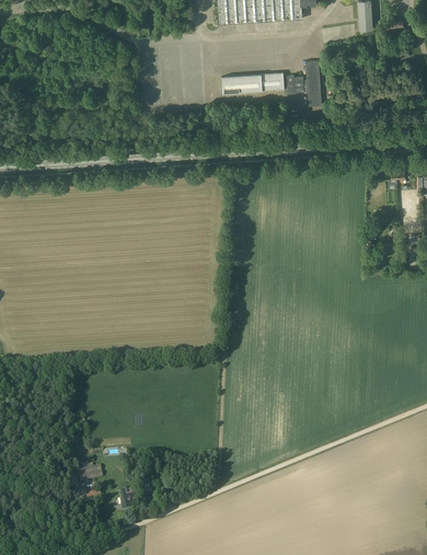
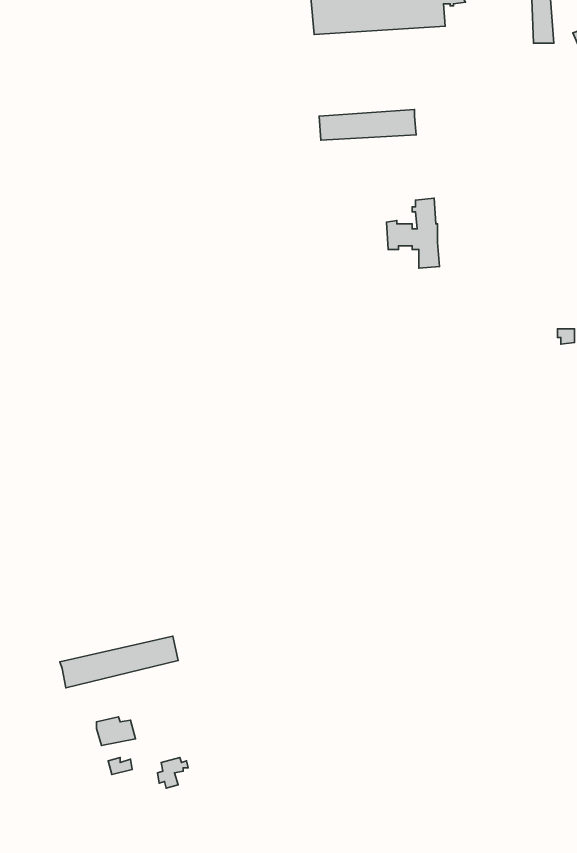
building: [287,60,321,105] -> [387,198,439,268]
building: none -> [60,636,178,688]

